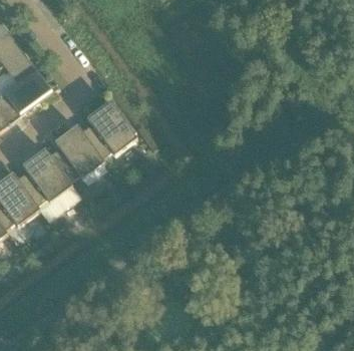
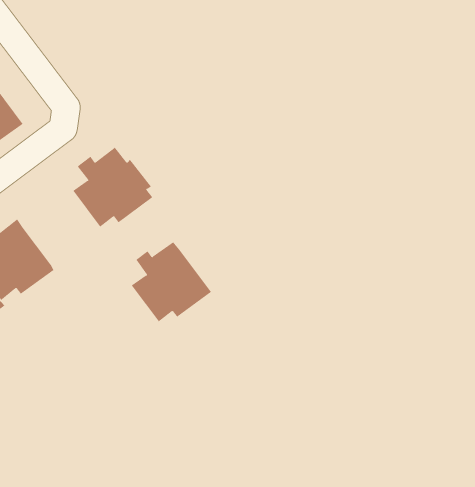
building: [51,129,104,183] -> [131,241,212,322]

